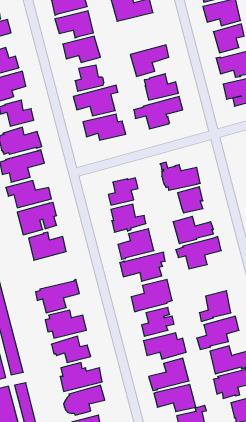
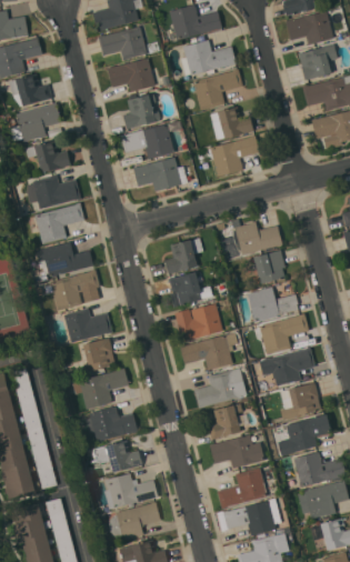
building: none -> [180,40,236,76]
building: none -> [82,338,114,371]
building: none -> [258,348,314,387]

